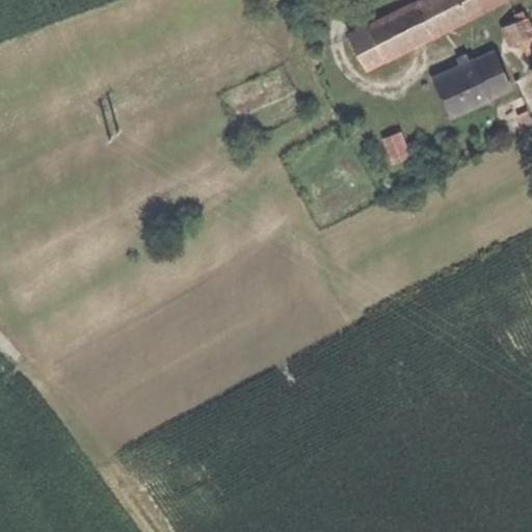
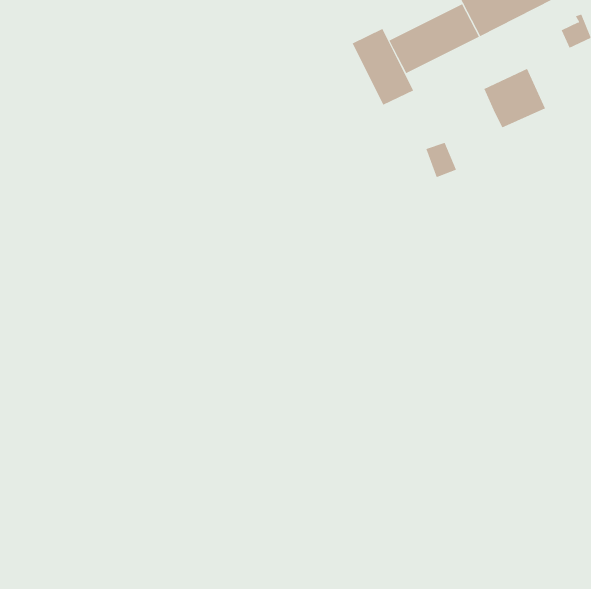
building: none -> [352,28,414,106]
building: [474,53,510,98] -> none

